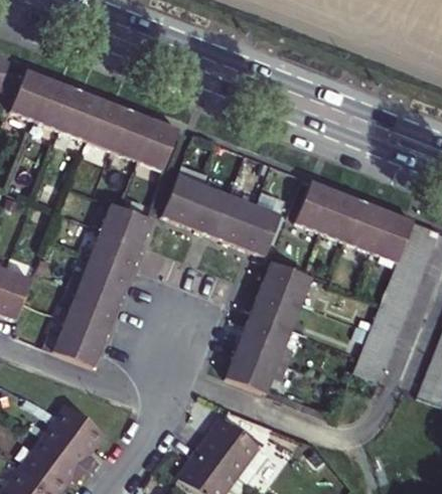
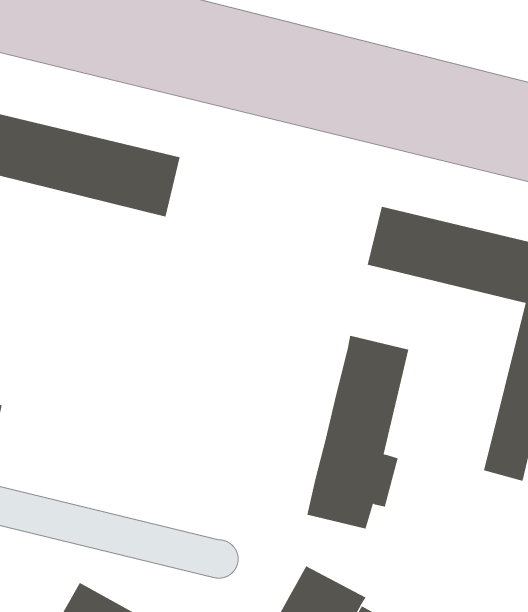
building: [163,178,279,255] -> none
building: [47,207,152,367] -> none

